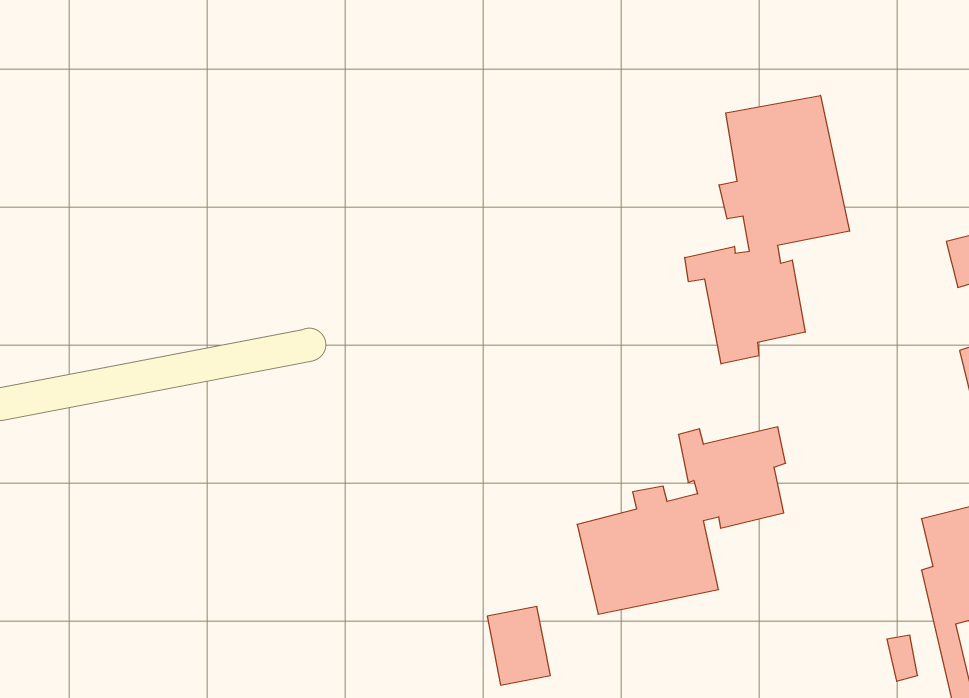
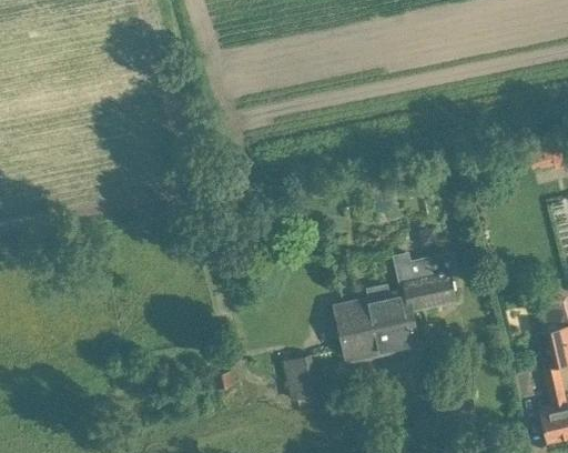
building: [685,95,850,364] -> none

